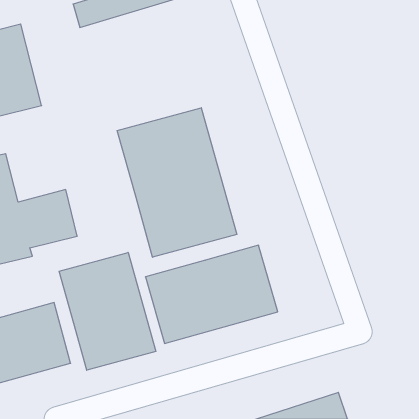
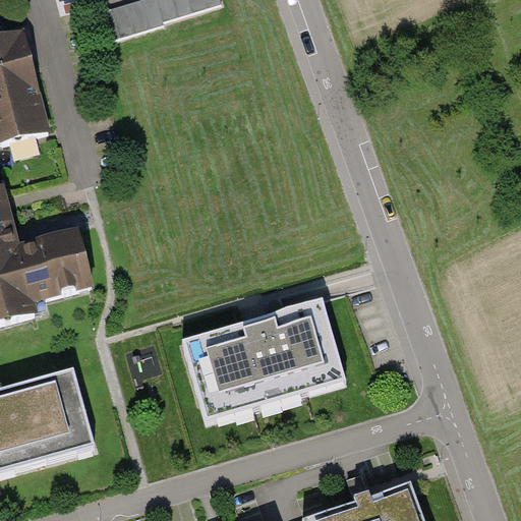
building: [117,108,237,257] -> none
building: [59,252,156,370] -> none

